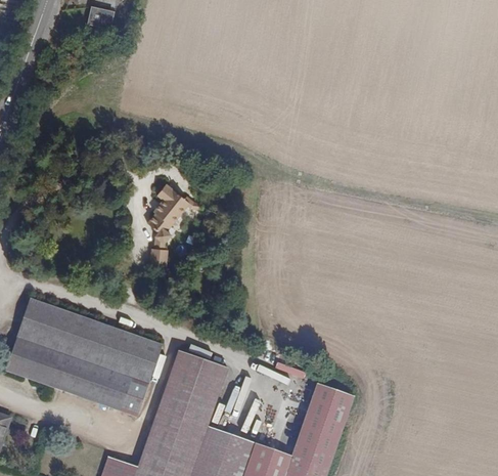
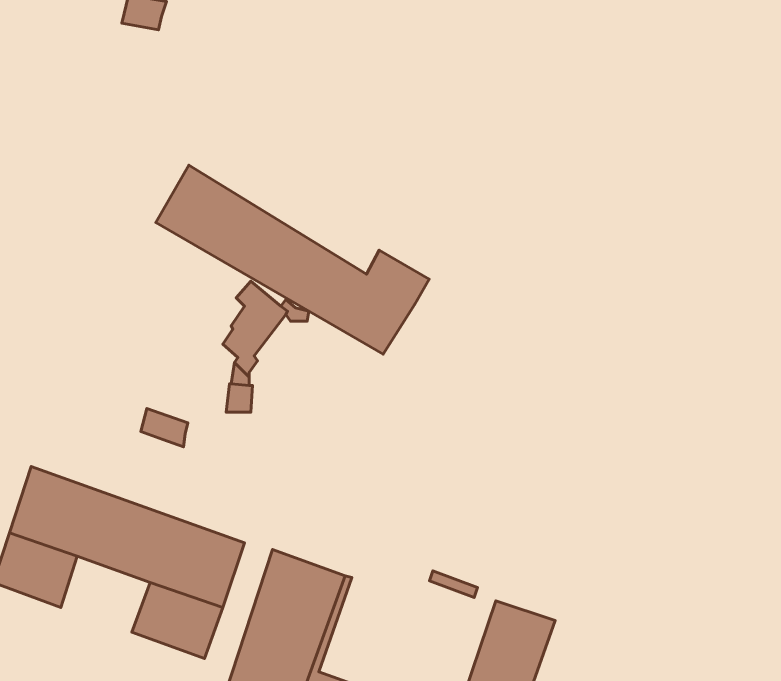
building: none -> [156,165,429,354]
building: none -> [141,409,188,447]
building: [48,353,103,400] -> none

